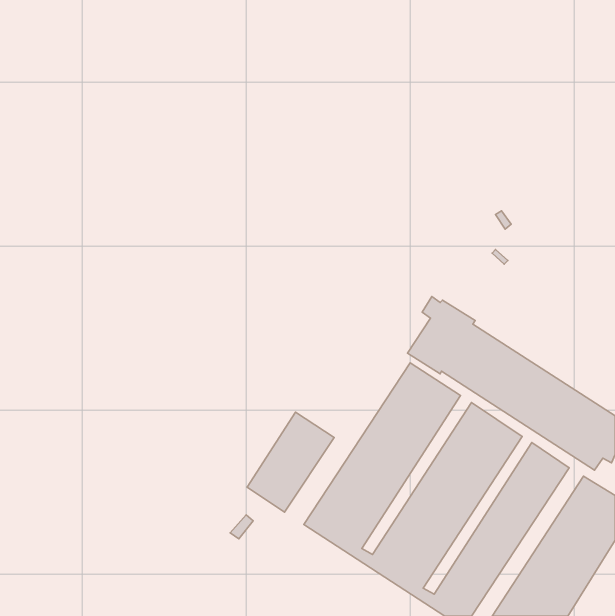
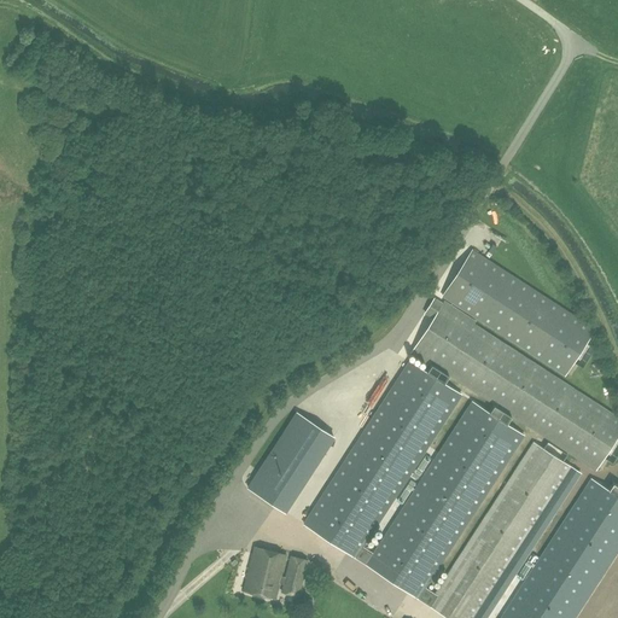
building: none -> [442,251,594,375]
building: none -> [243,547,305,599]

